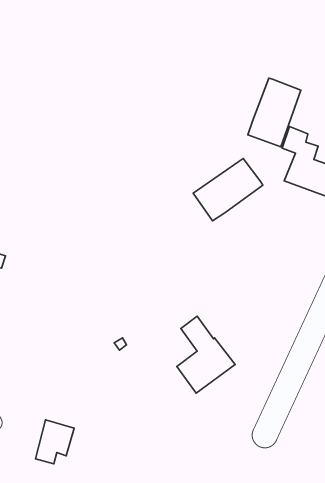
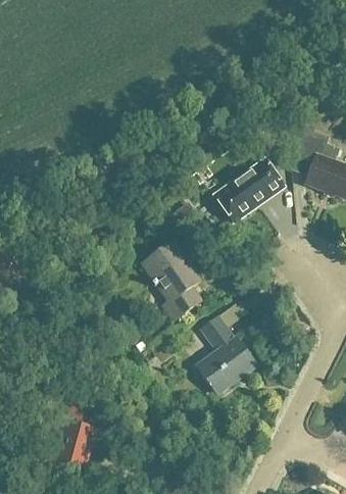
building: [248,78,301,147] -> none
building: none -> [142,239,202,318]

